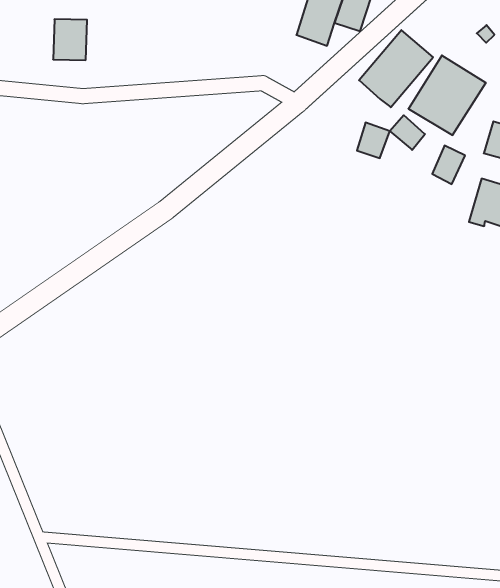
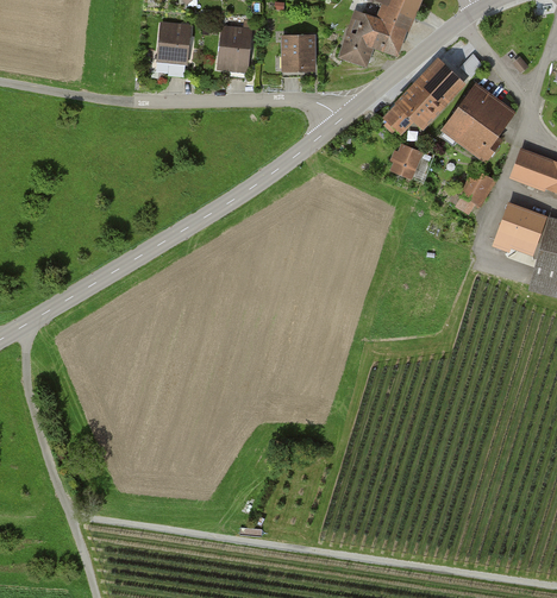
building: none -> [215,27,252,74]
building: none -> [280,38,311,80]
building: [53,19,87,60] -> [156,24,190,64]
building: [390,115,425,150] -> [382,102,415,136]

